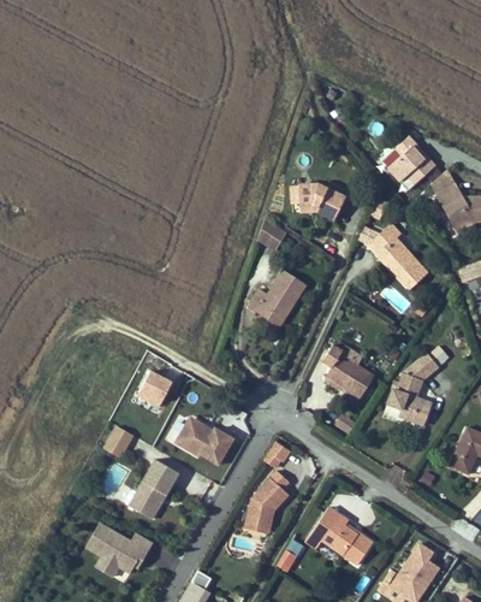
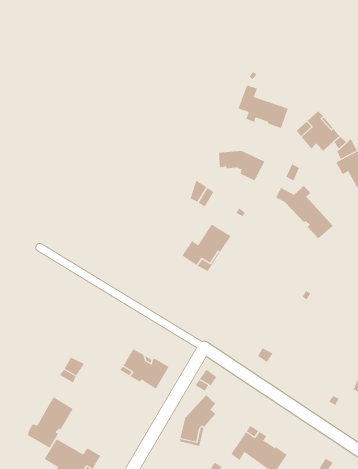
building: none -> [238,85,289,129]
building: [322,340,374,399] -> none
building: [387,347,447,425] -> none
building: [135,371,173,413] -> none
building: [125,458,179,519] -> [28,397,74,449]

